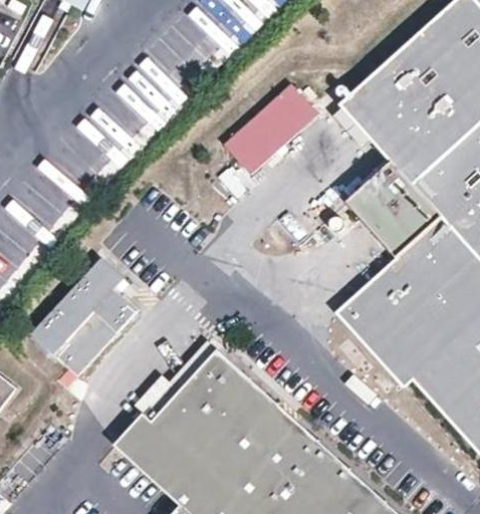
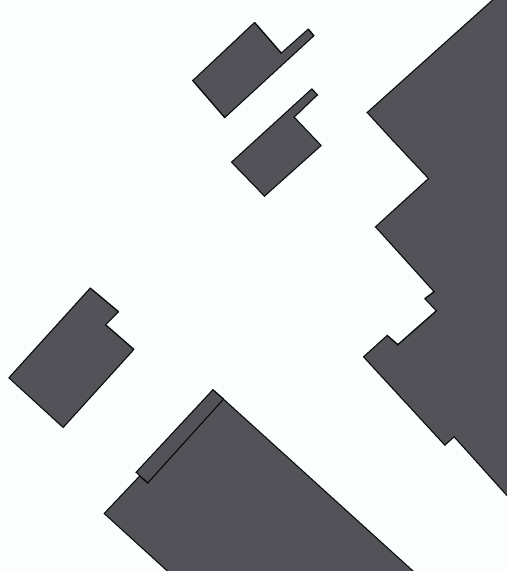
building: none -> [193,23,314,118]
building: [276,90,319,134] -> none

